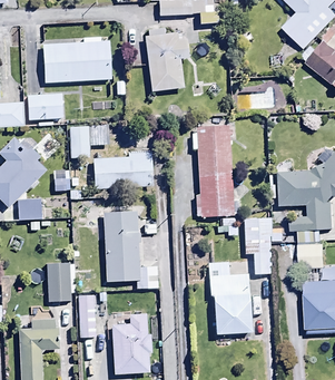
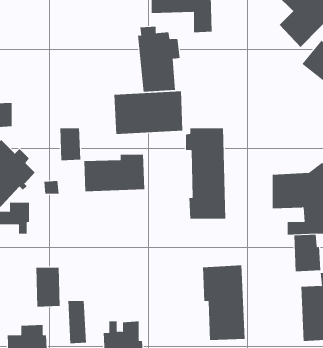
building: [43,40,111,82] -> [113,91,183,134]
building: [28,94,63,119] -> none
building: [104,211,158,289] -> none
building: [245,217,273,273] -> none

